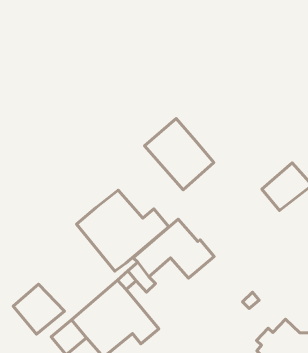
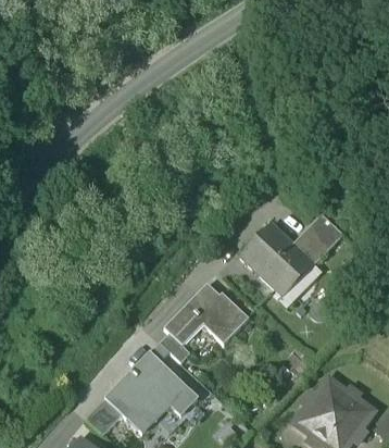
building: [145,119,214,190] -> [239,222,313,296]
building: [76,190,169,271] -> none
building: [13,284,65,334] -> none

